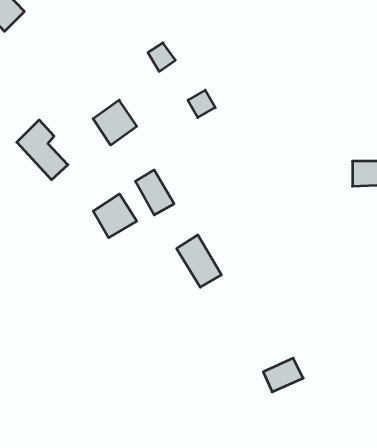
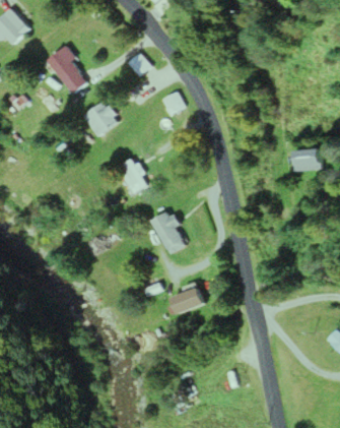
building: [17,120,68,180] -> [45,45,86,94]
building: [93,194,137,238] -> none
building: [263,358,303,392] -> [171,287,203,314]

